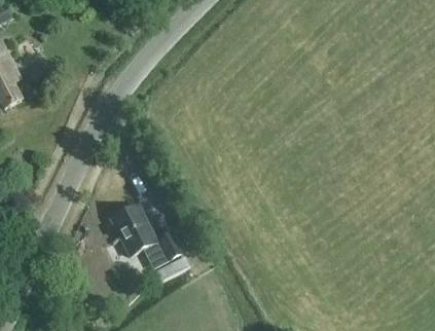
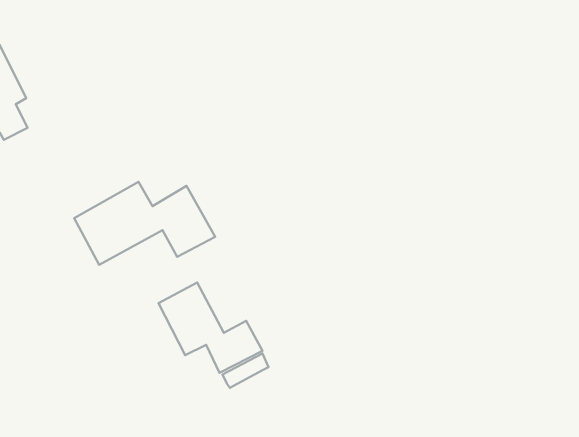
building: none -> [74,182,215,265]

